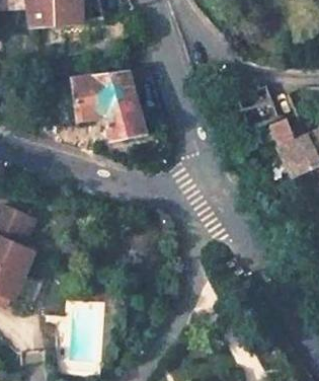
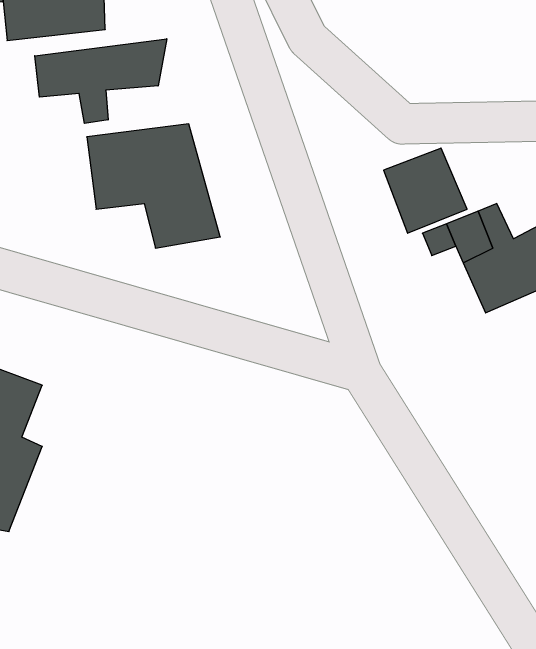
building: none -> [35,39,167,123]

